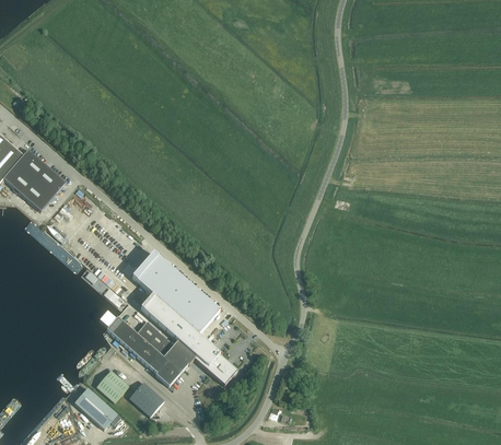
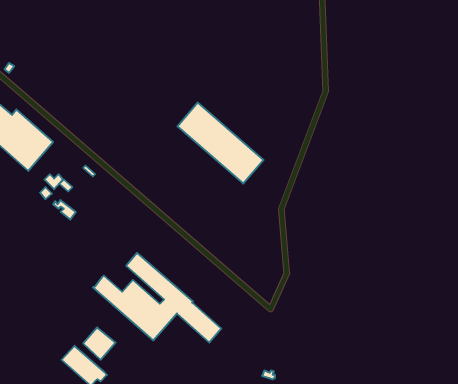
building: [139,259,226,341] -> [177,103,264,184]
building: [128,380,163,415] -> none

